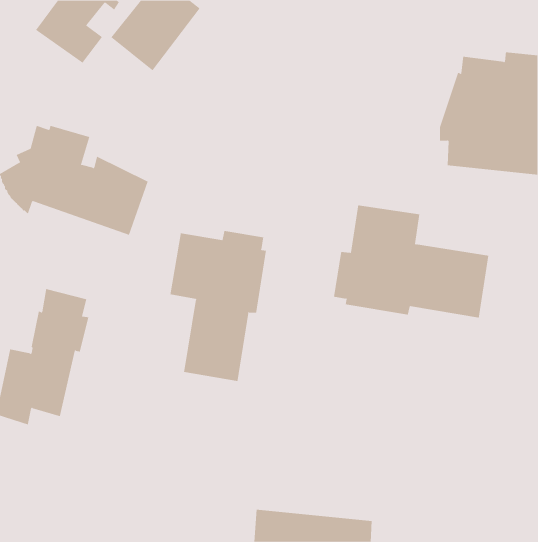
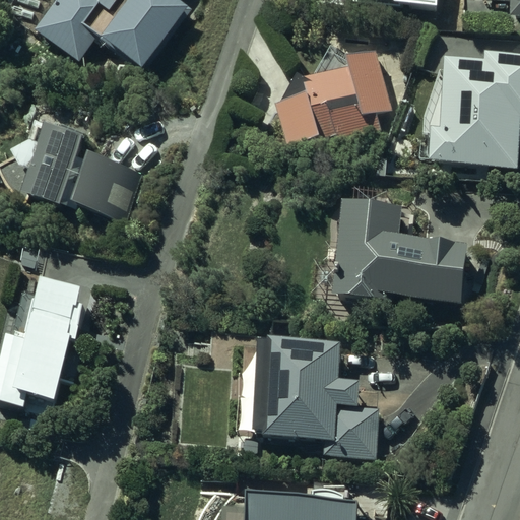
building: none -> [274,50,390,146]
building: [170,230,267,382] -> none
building: none -> [237,334,375,458]

